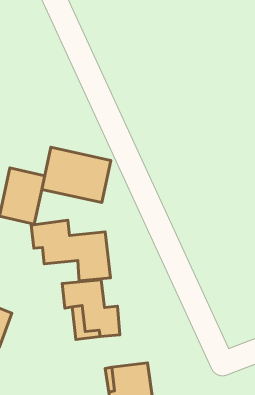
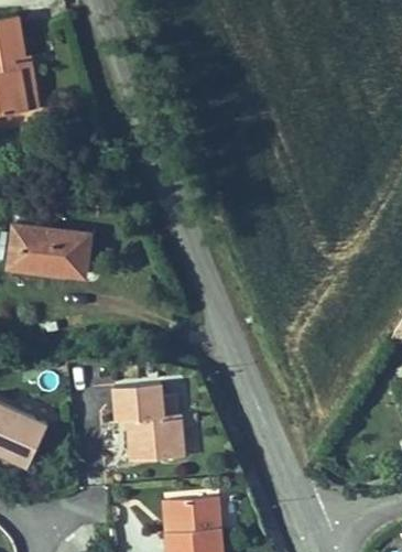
building: [42,147,111,203] -> none
building: [31,220,111,281] -> none

